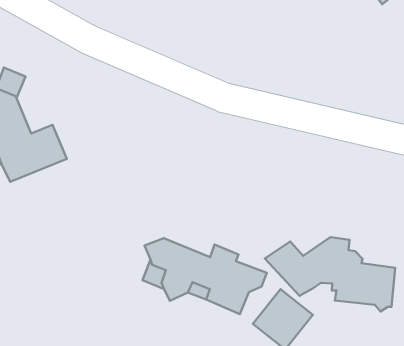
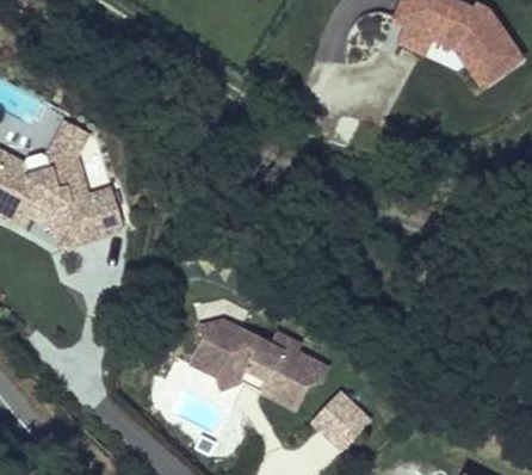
building: [265,237,395,311] -> none

